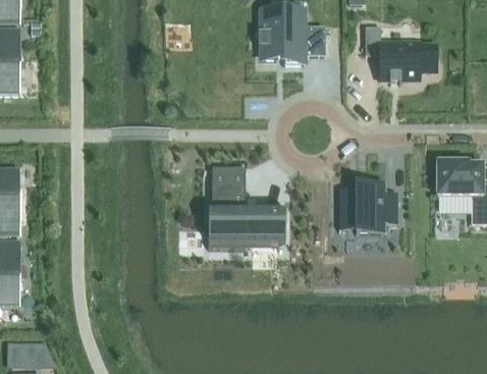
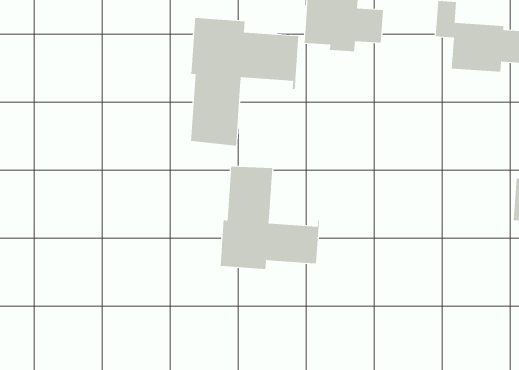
building: none -> [190,17,299,146]
building: [339,183,396,231] -> none

